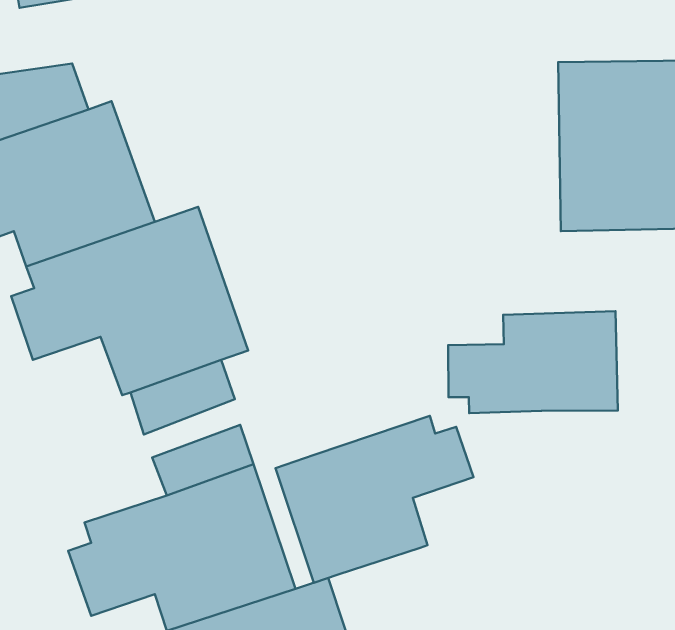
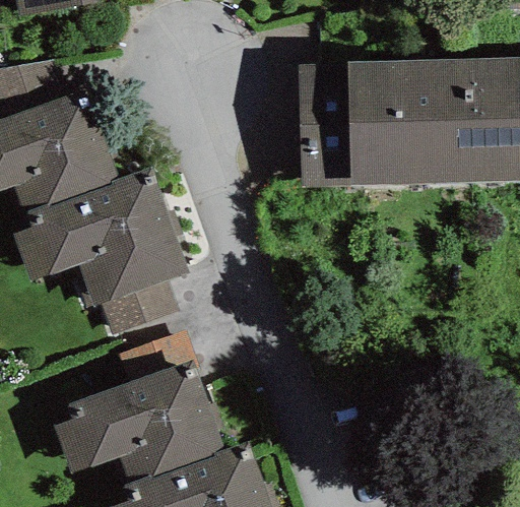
building: none -> [298,59,424,188]
building: [448,311,618,413] -> none
building: [275,416,473,583] -> none

